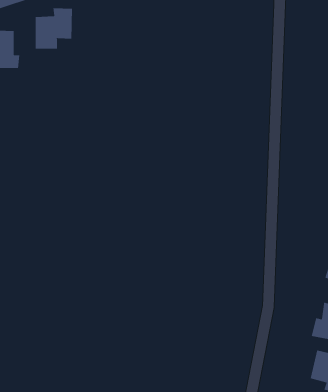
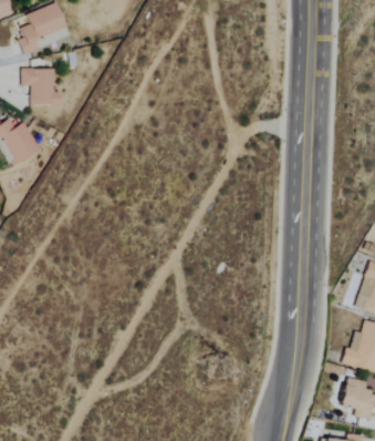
building: [35,8,73,49] -> none

